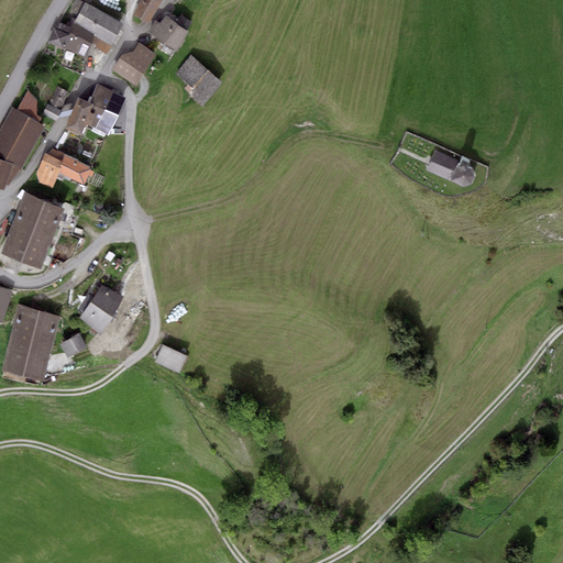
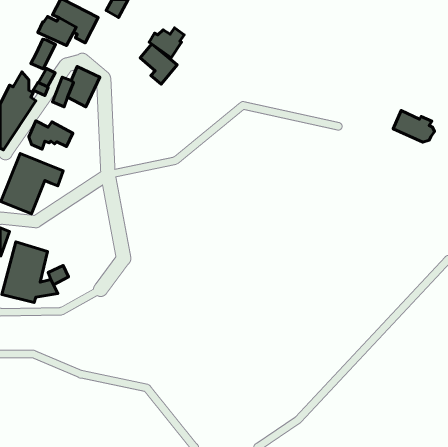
building: [148,13,192,51] -> [149,28,184,58]
building: [113,42,156,85] -> none
building: none -> [31,39,55,69]
building: [426,147,477,187] -> [393,111,434,142]
building: [79,285,124,333] -> none
building: [154,344,187,372] -> none

